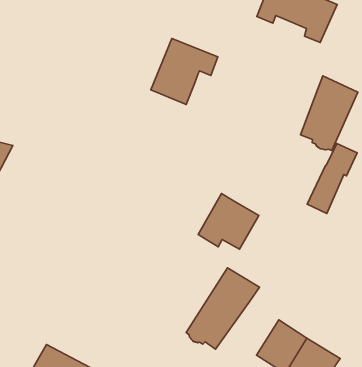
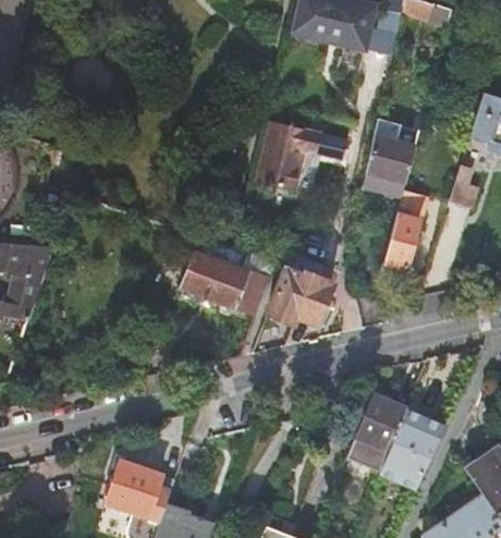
building: [151,39,218,104] -> [254,126,321,196]
building: none -> [181,250,271,313]
building: [186,268,260,349] -> none

